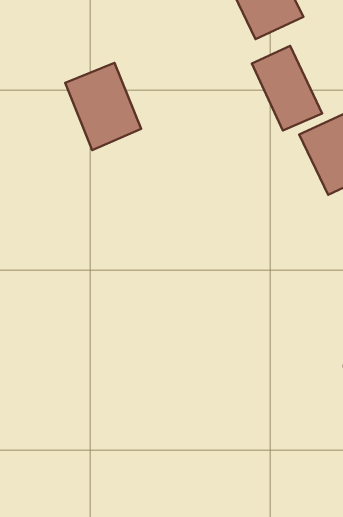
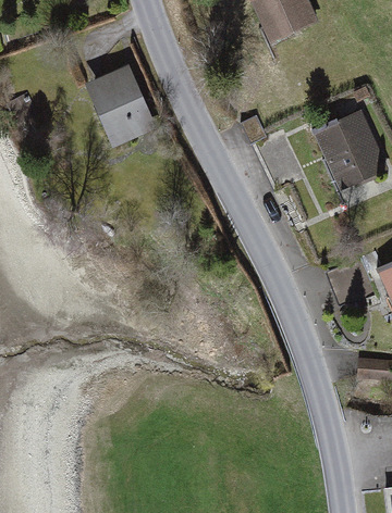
building: [252,46,322,130] -> none

